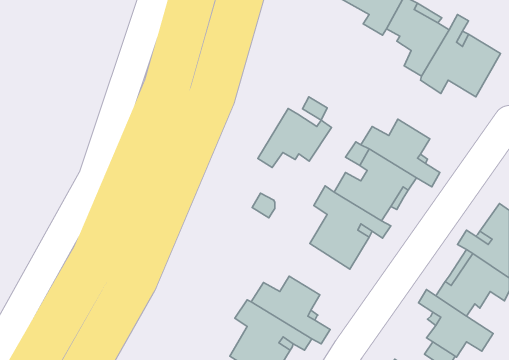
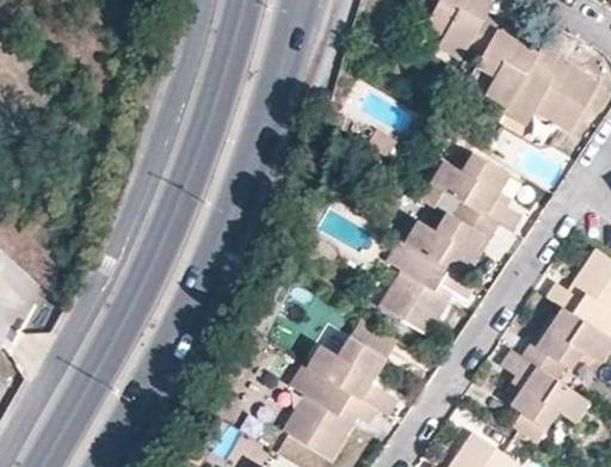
building: [258,109,331,167] -> none

